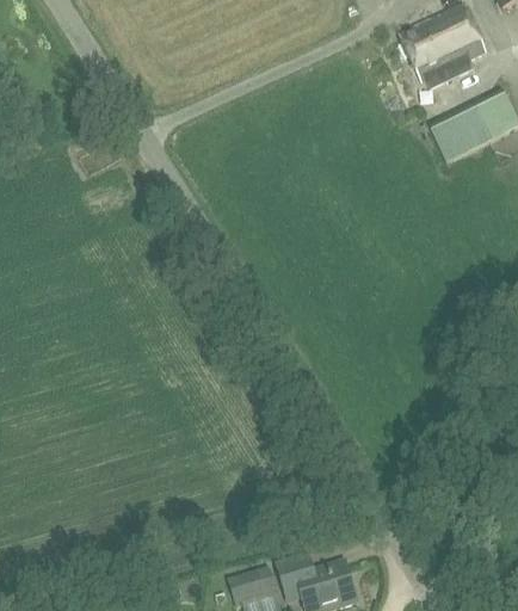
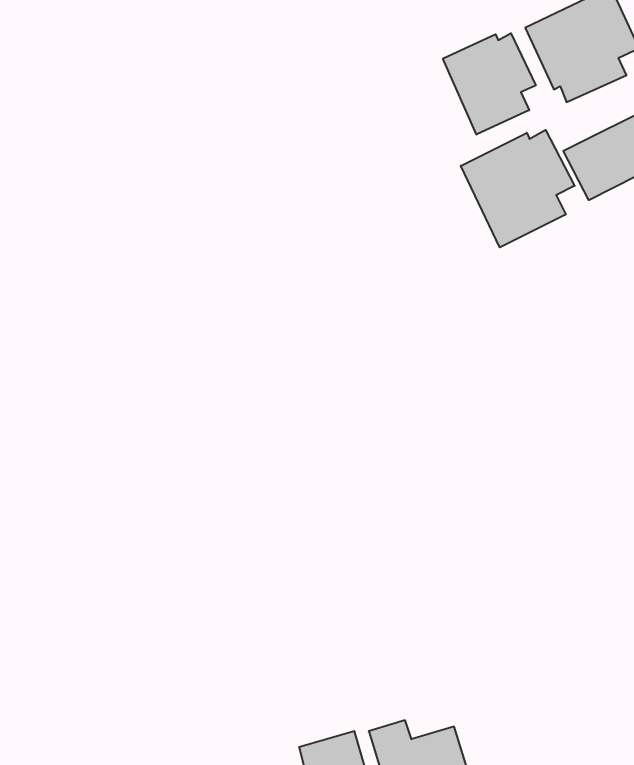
building: none -> [443,33,536,135]
building: none -> [461,130,575,247]

